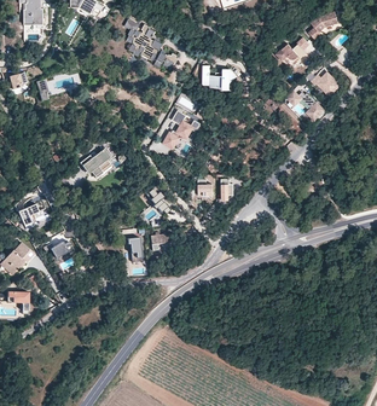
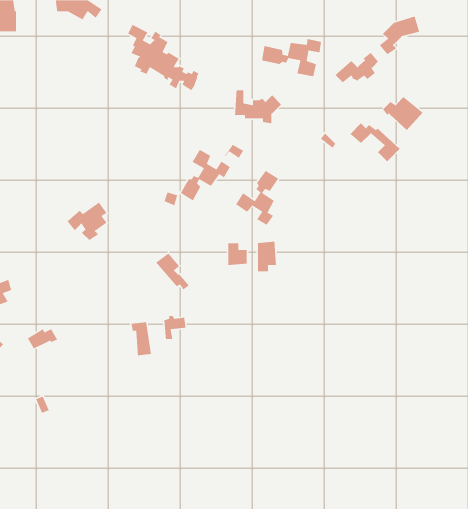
building: none -> [261,38,322,77]
building: none -> [235,170,279,226]

